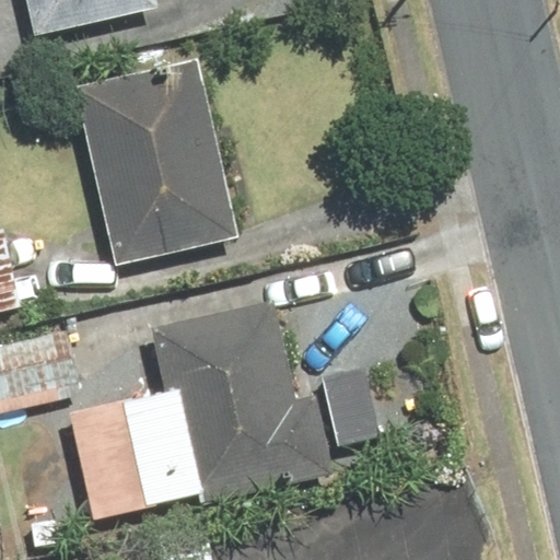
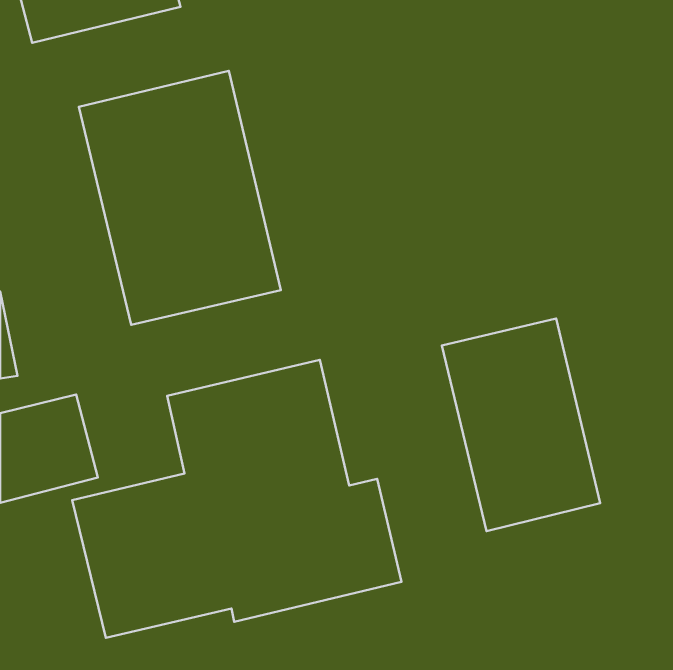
building: none -> [442,319,600,531]

